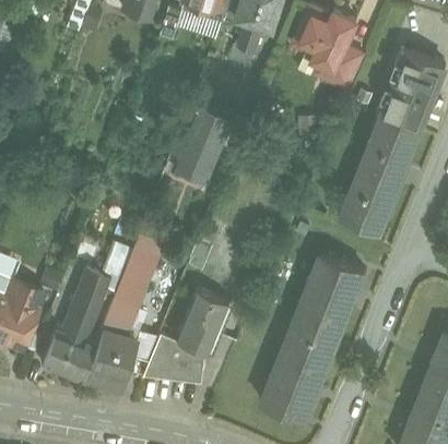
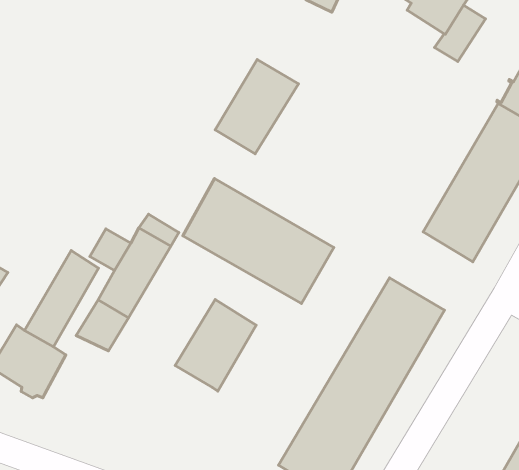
building: none -> [183,179,334,304]
building: [83,327,135,388] -> none
building: [142,332,204,382] -> none

